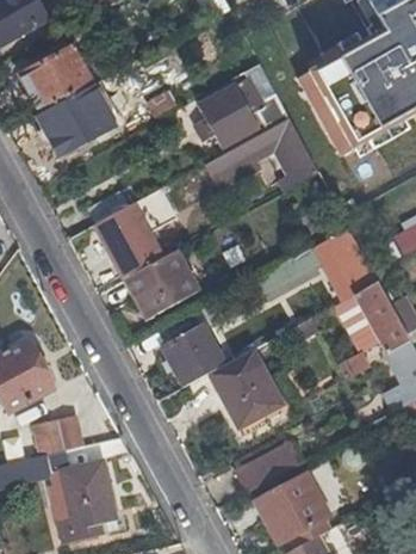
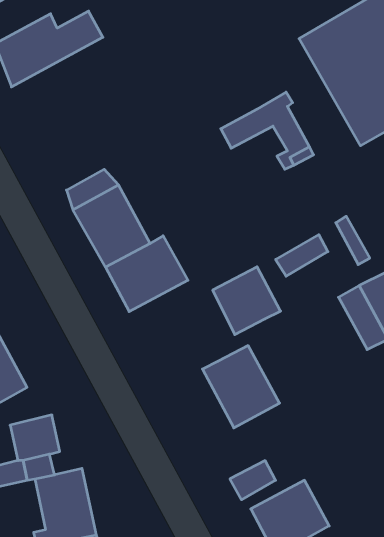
building: [198,63,287,146] -> none
building: [37,82,113,152] -> none
building: [163,322,225,384] -> [213,267,281,335]

